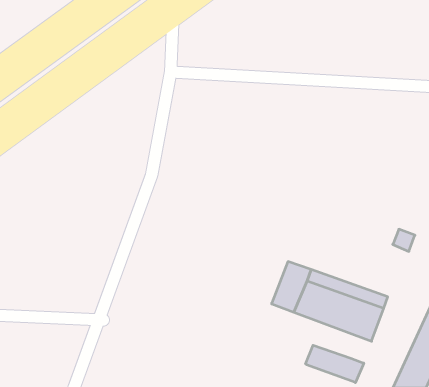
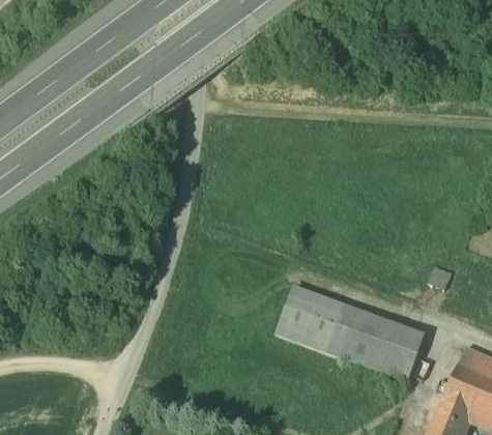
building: none -> [278,289,319,341]
building: [306,345,364,383] -> none

